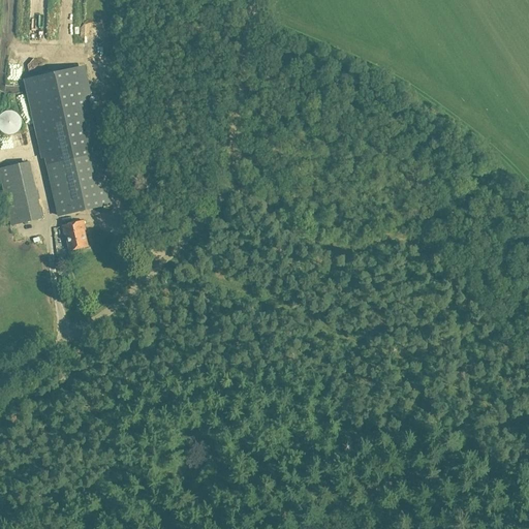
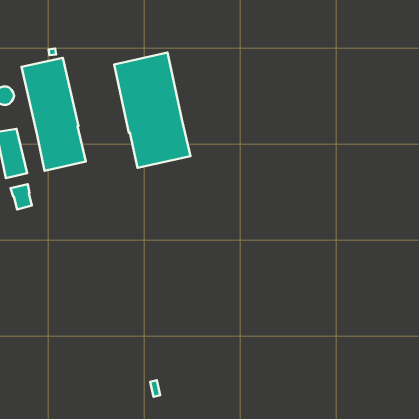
building: none -> [114,53,191,168]
building: [58,217,85,249] -> [11,184,32,210]

